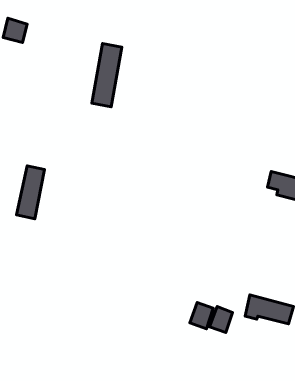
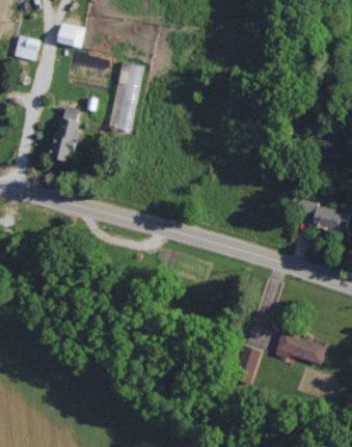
building: none -> [57,23,83,46]
building: [16,166,44,219] -> [51,105,81,162]
building: [190,303,213,329] -> none

